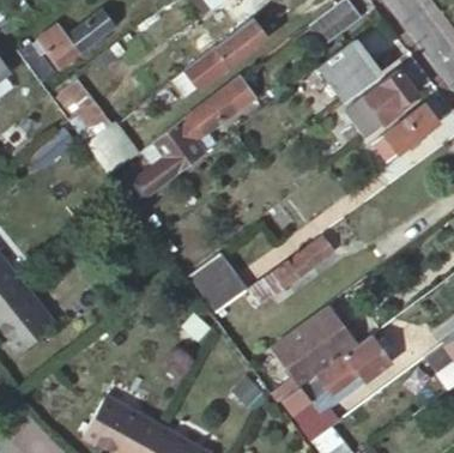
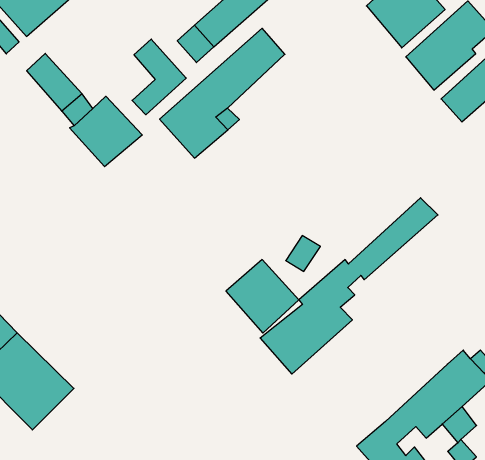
building: [135,137,178,194] -> [132,39,186,115]
building: [274,304,357,385] -> none

